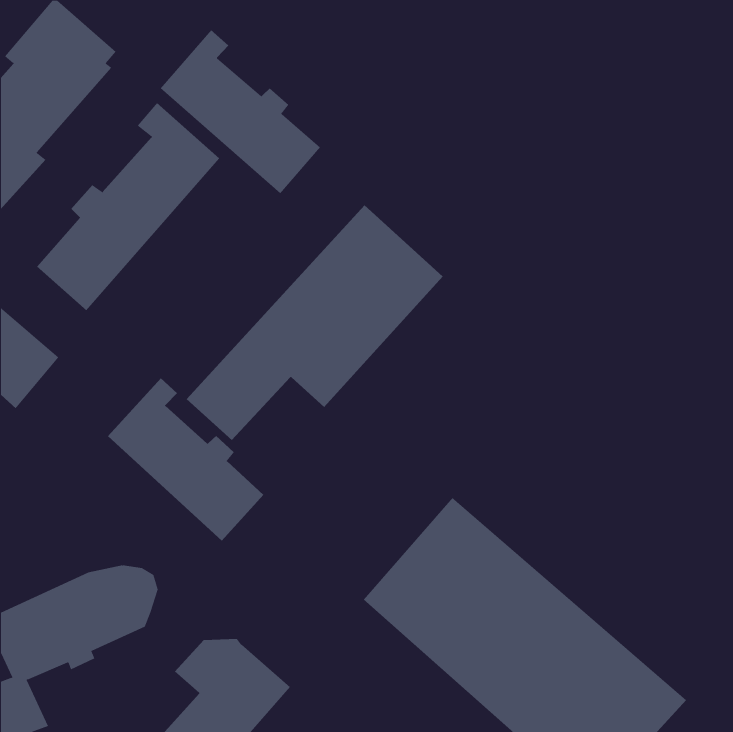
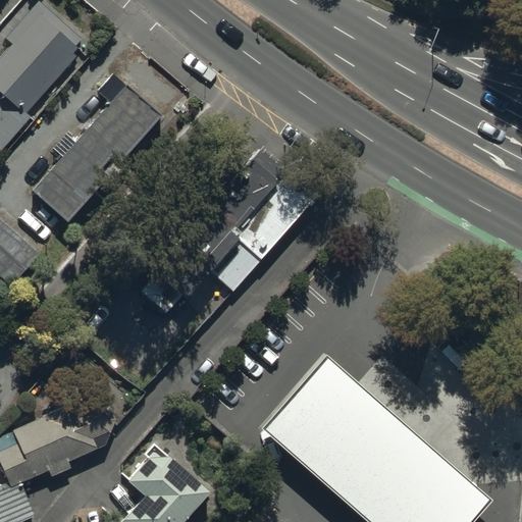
building: [160,30,321,194] -> none
building: [107,377,264,541] -> none

